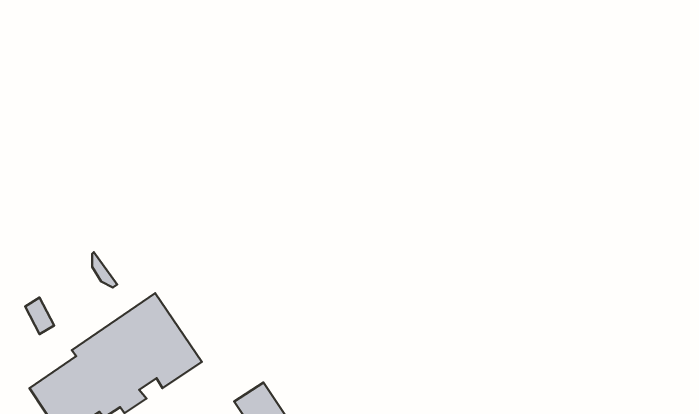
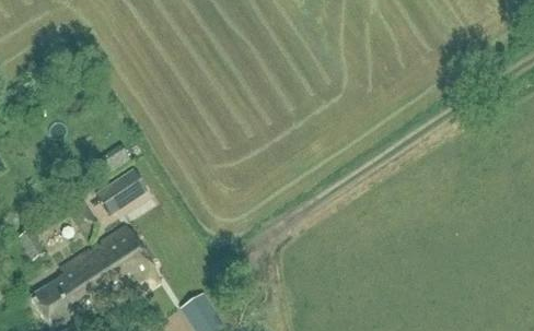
building: none -> [94,167,146,214]

